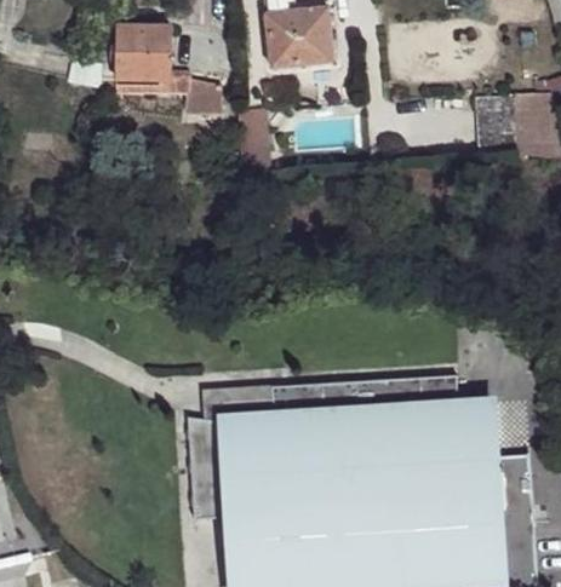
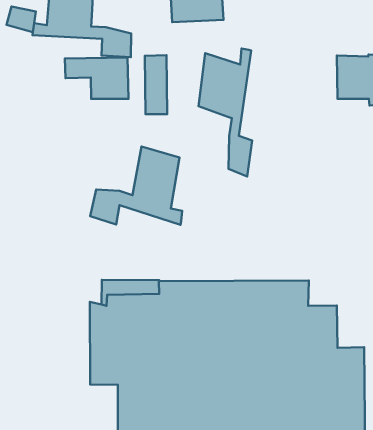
building: none -> [199,49,252,177]
building: none -> [65,58,129,99]
building: none -> [90,147,182,225]

